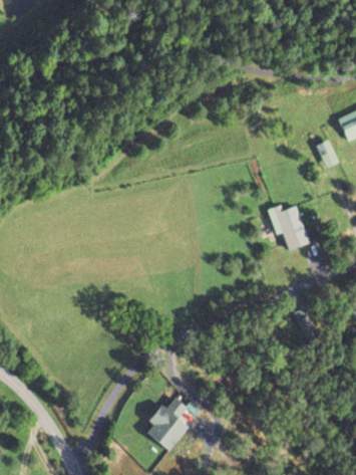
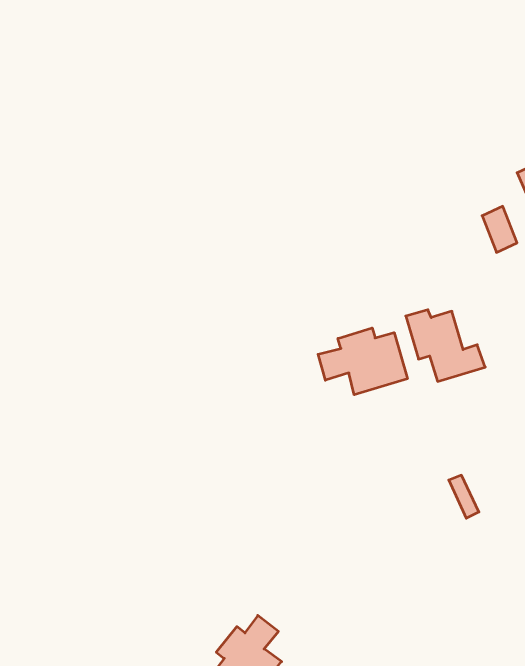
building: none -> [318,328,407,395]

